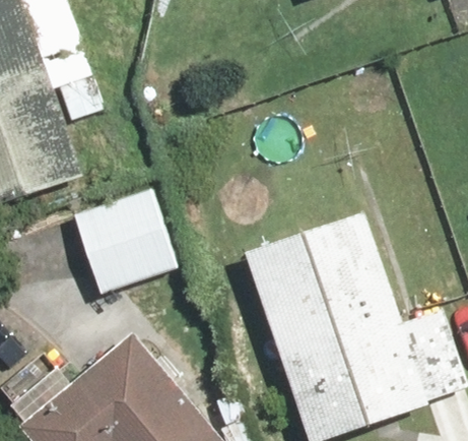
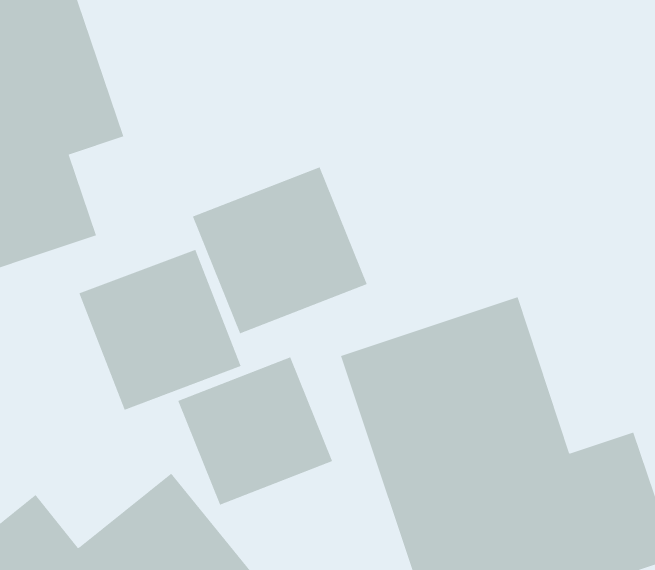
building: none -> [192,167,367,334]
building: none -> [177,356,333,505]

